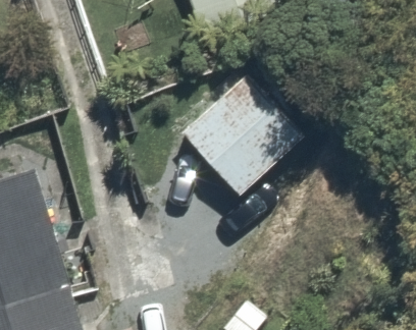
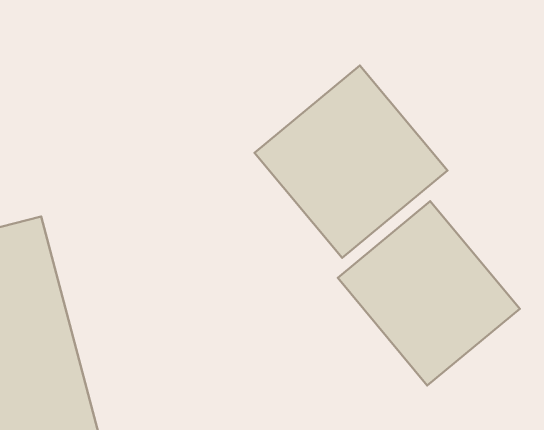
building: none -> [338,201,520,385]

